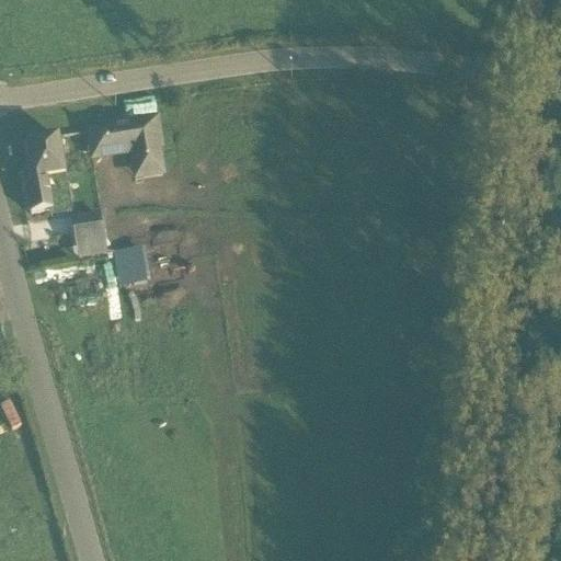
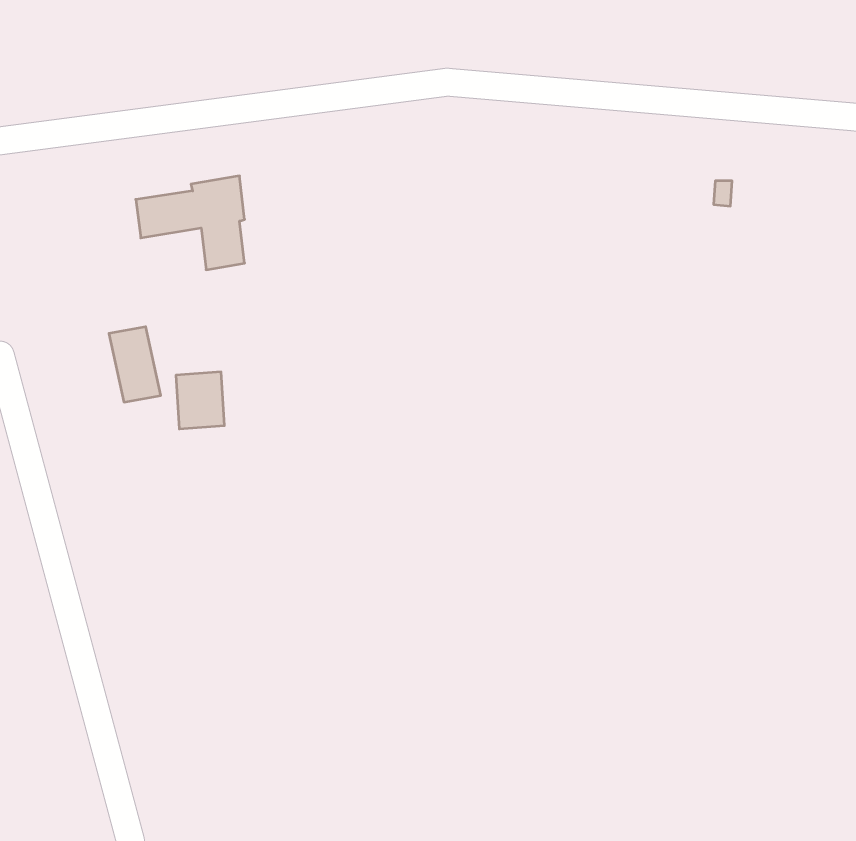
building: [22,136,70,216] -> none

